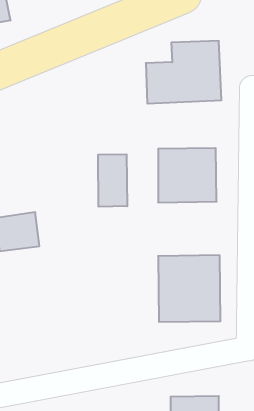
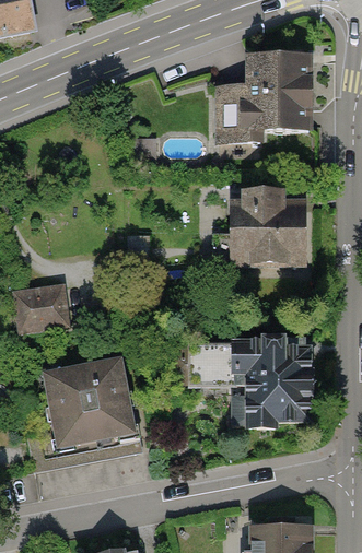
building: [98,154,127,207] -> none
building: none -> [40,355,137,449]

